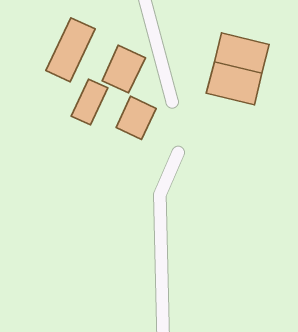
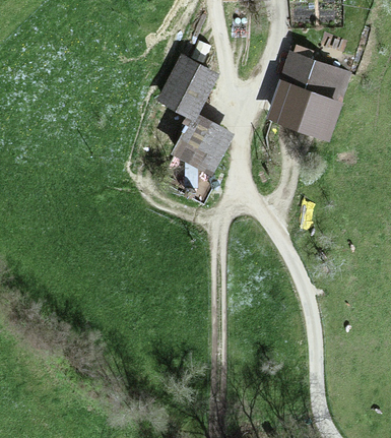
building: [46,18,95,82] -> none
building: [71,79,108,125] -> none

